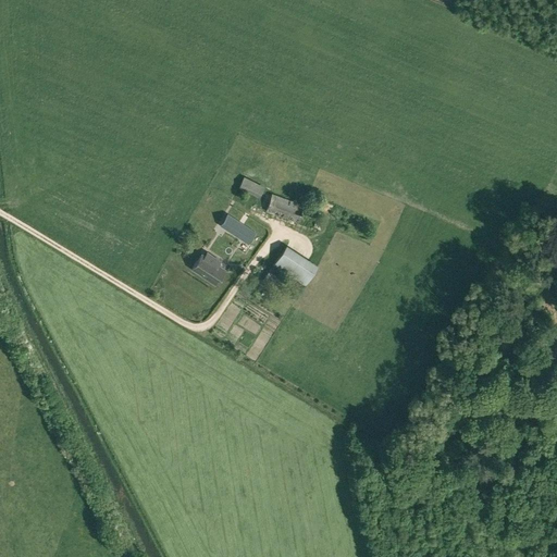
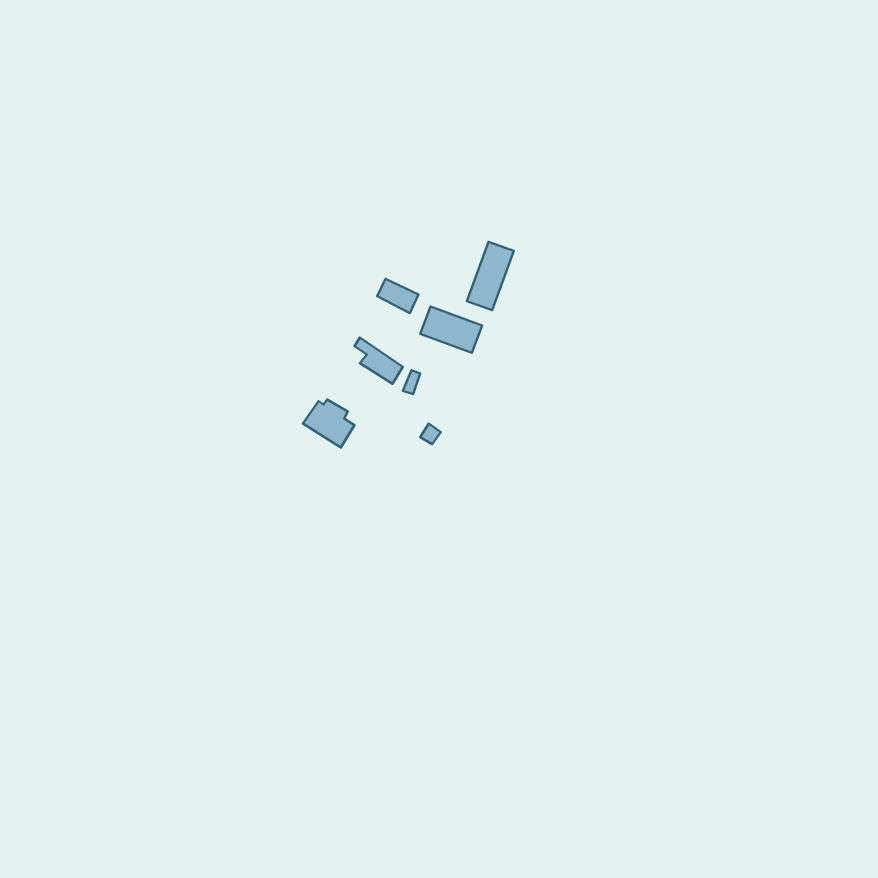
building: none -> [467,242,514,310]
building: [275,246,318,286] -> none

